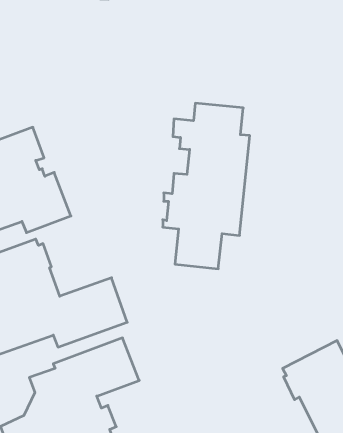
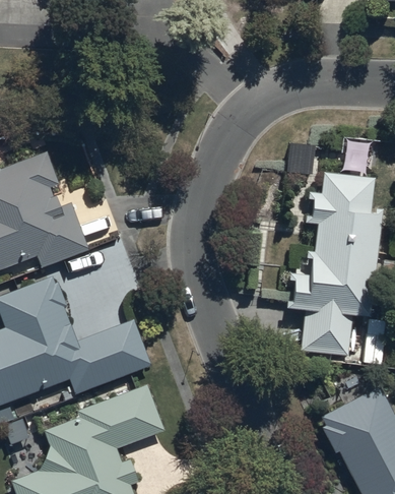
building: [163,103,250,269] -> [286,173,382,355]

